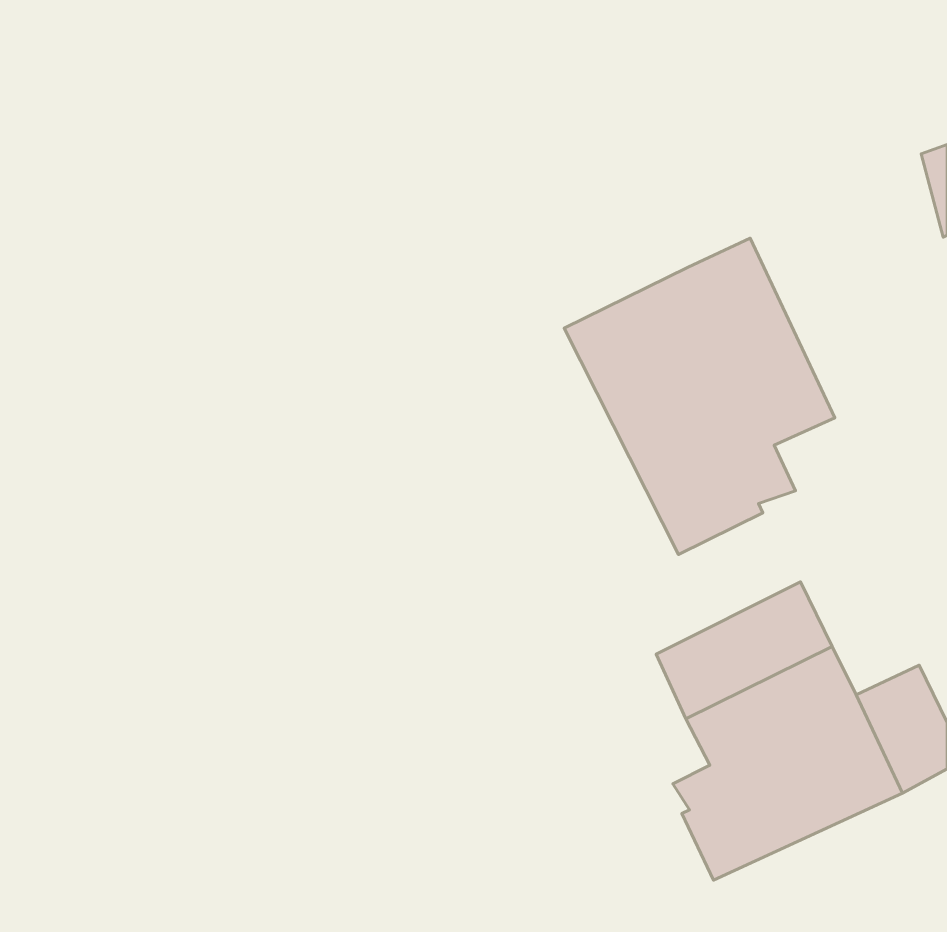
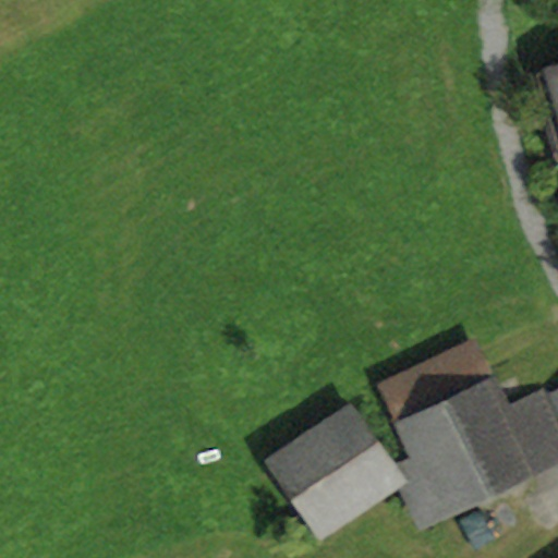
building: [564,238,835,554] -> none
building: none -> [281,420,405,535]

